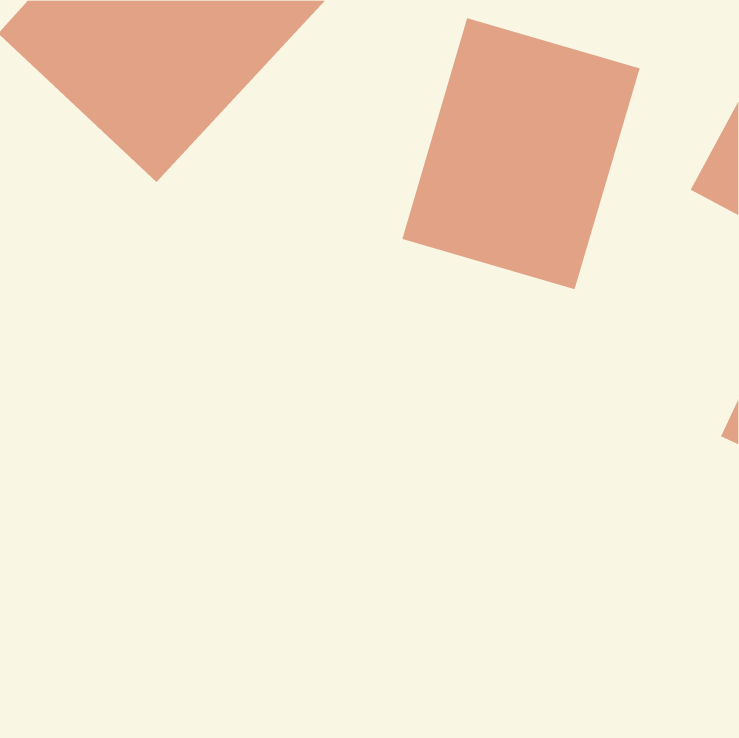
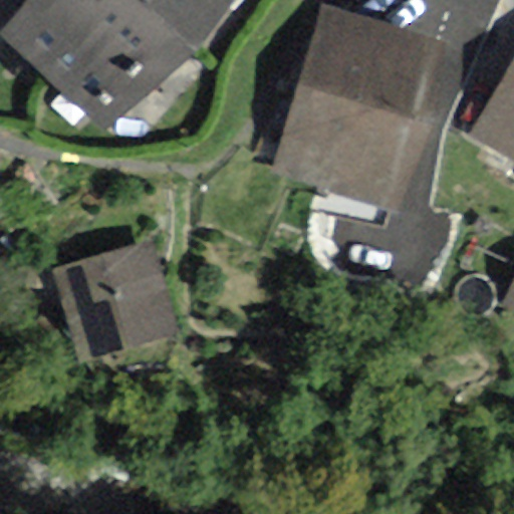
building: none -> [53,237,183,360]

